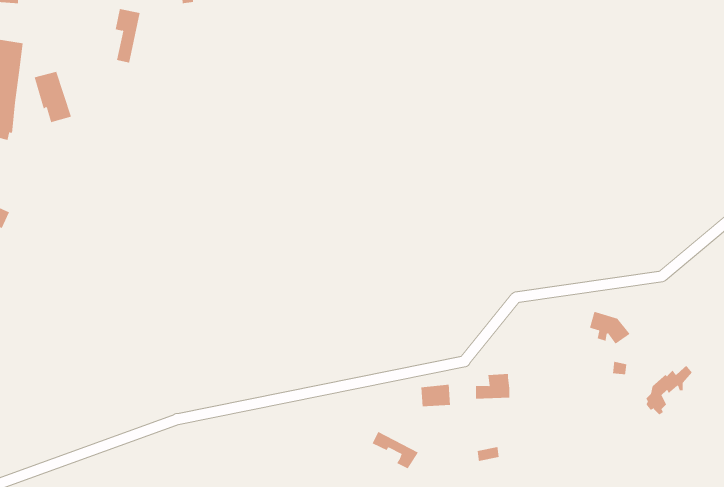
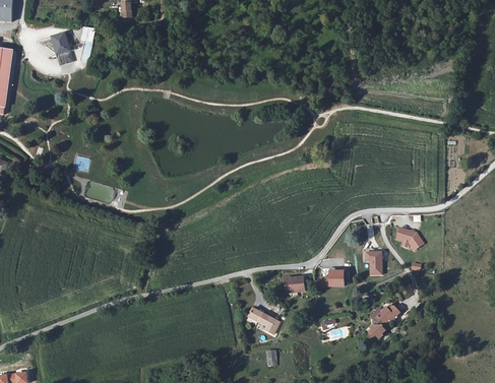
building: [34,71,72,123] -> [47,30,72,65]
building: none -> [363,250,381,275]
building: [646,365,693,415] -> [367,306,398,339]

